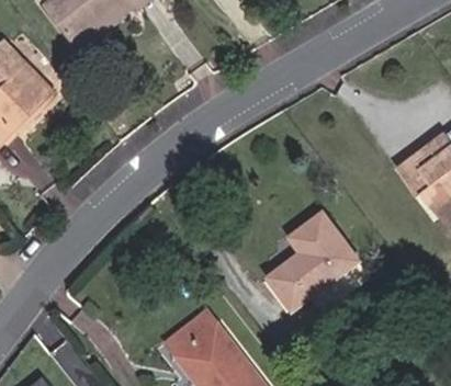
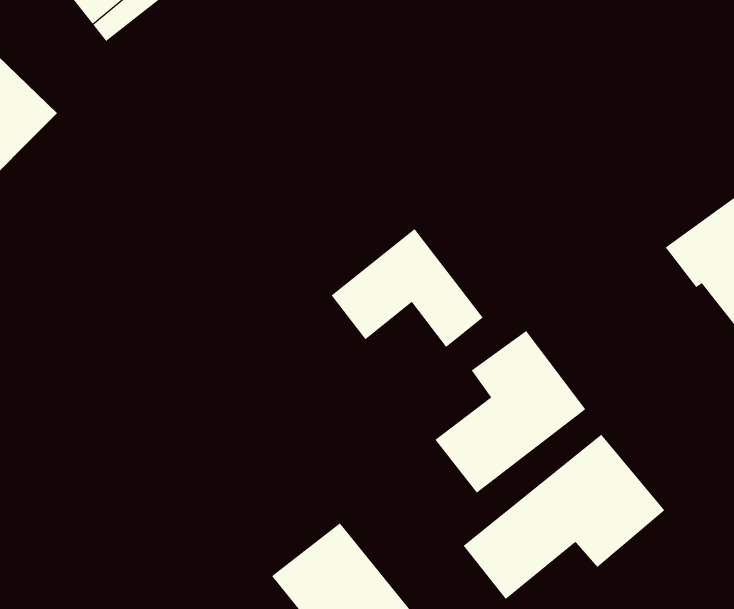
building: none -> [331,228,484,348]
building: none -> [463,434,665,600]

